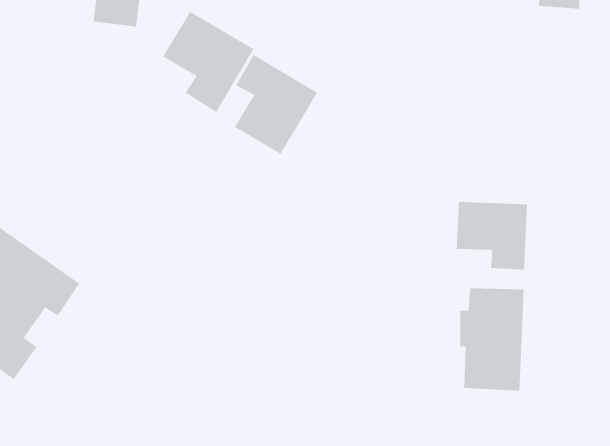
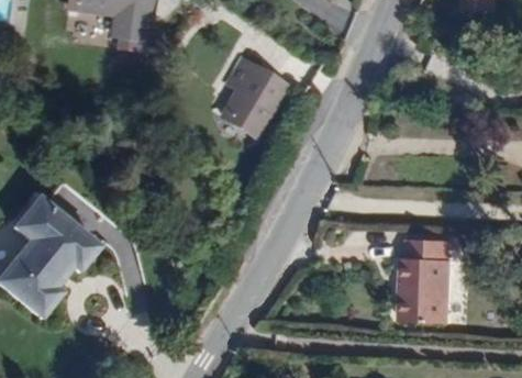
building: [162,11,255,113] -> none
building: [456,201,528,271] -> none

